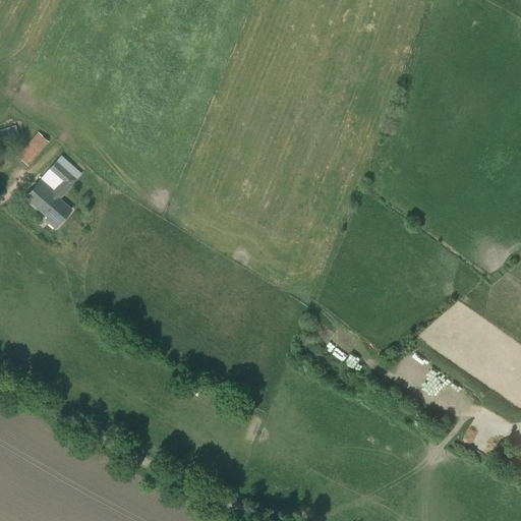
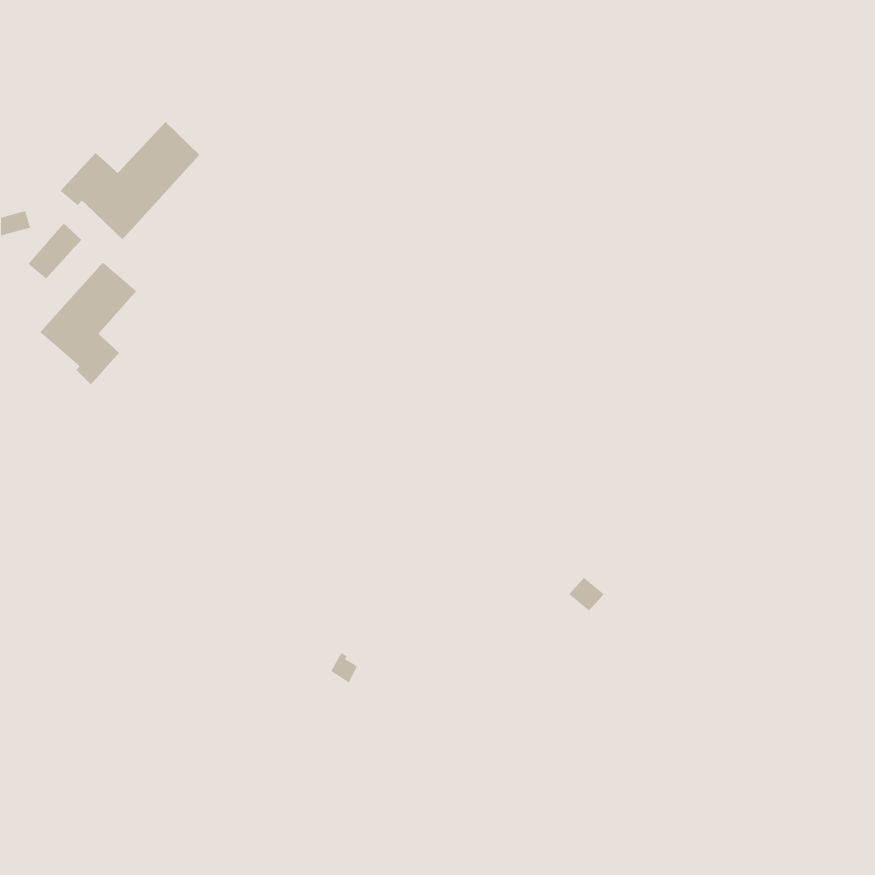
building: none -> [60,121,200,240]

